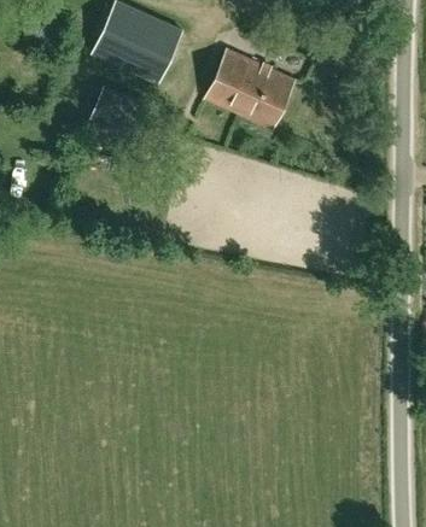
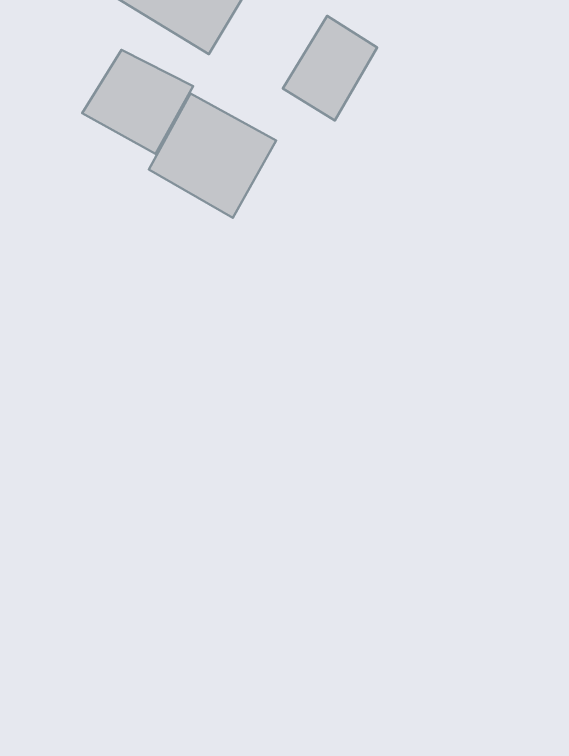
building: [239,66,293,128] -> none
building: none -> [149,93,276,218]

